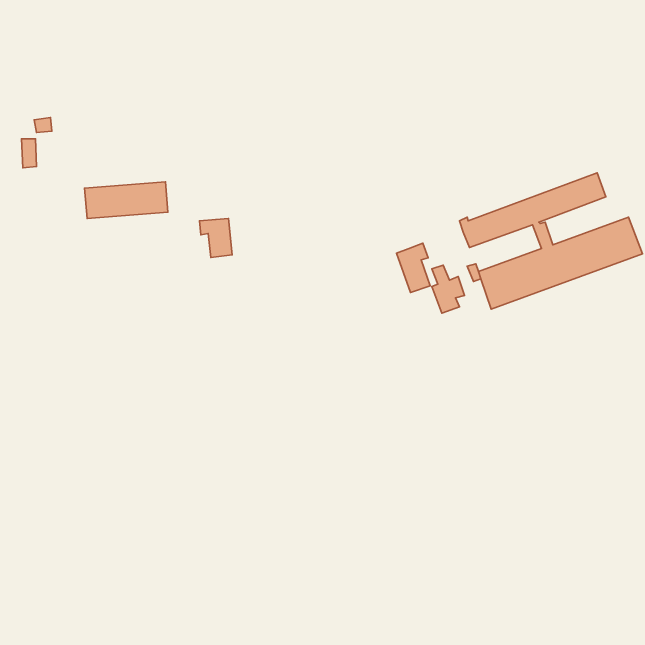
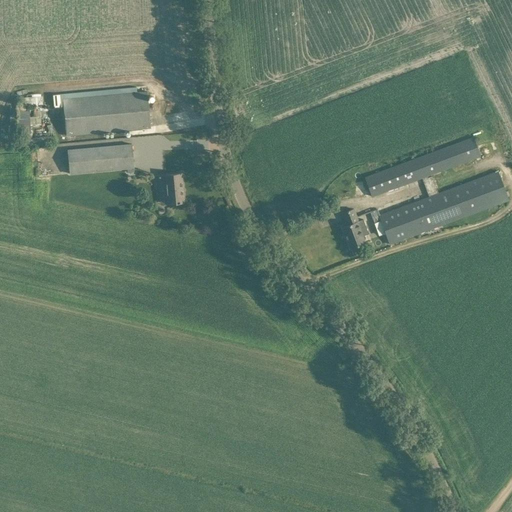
building: none -> [62,91,150,135]
building: [396,243,430,293] -> none

